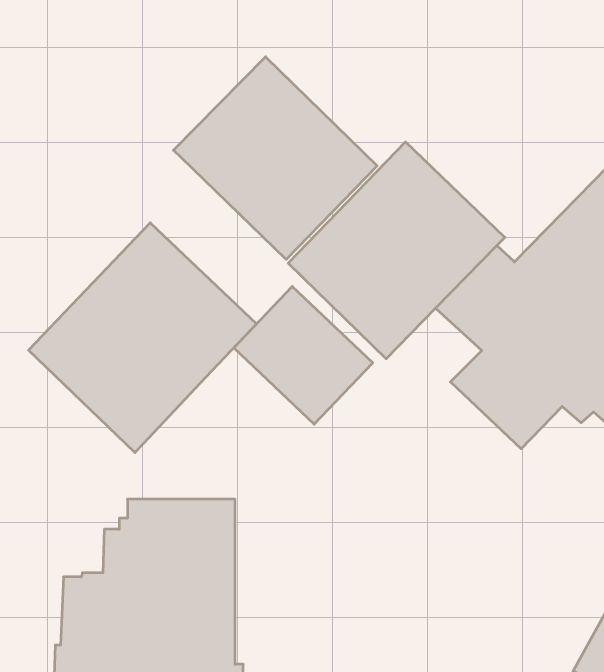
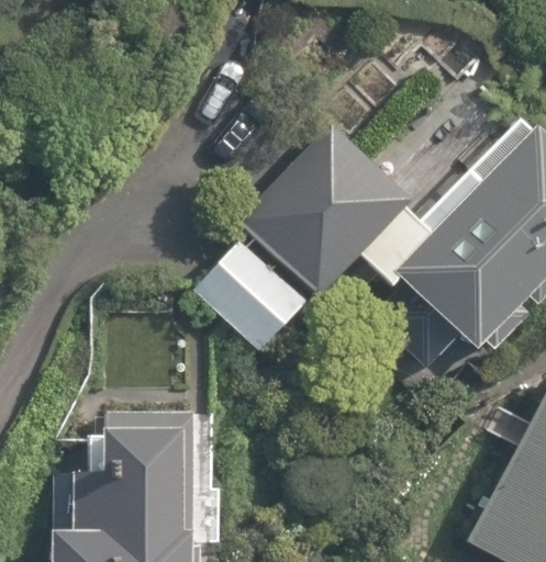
building: [173,57,377,259] -> none
building: [29,223,257,453] -> none

